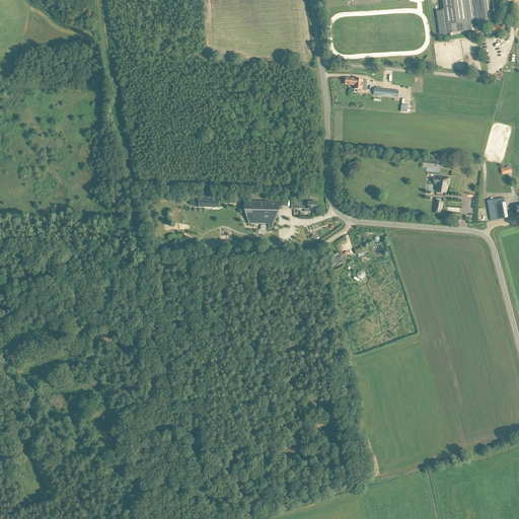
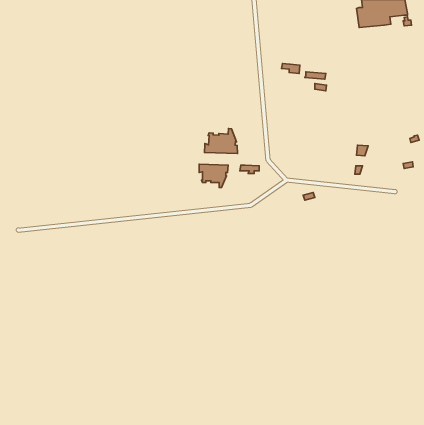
building: none -> [204,129,238,154]

